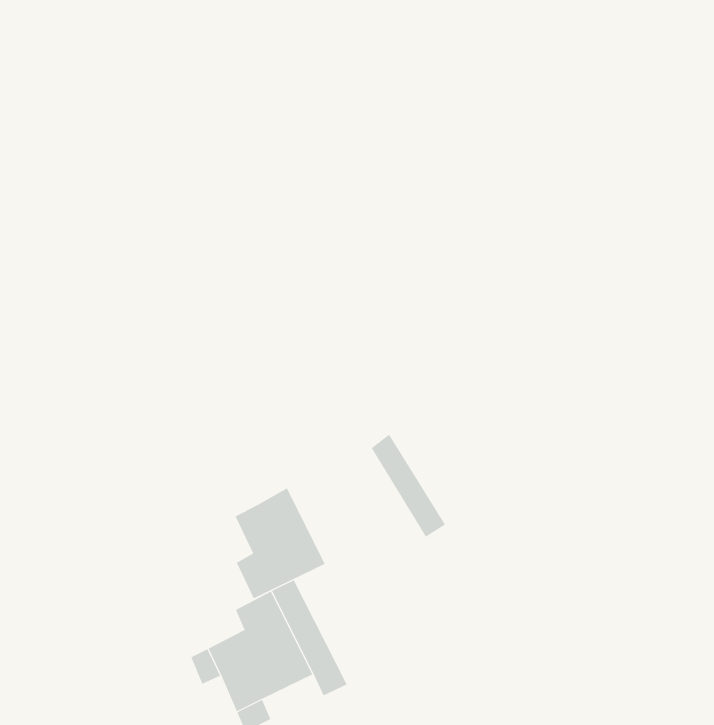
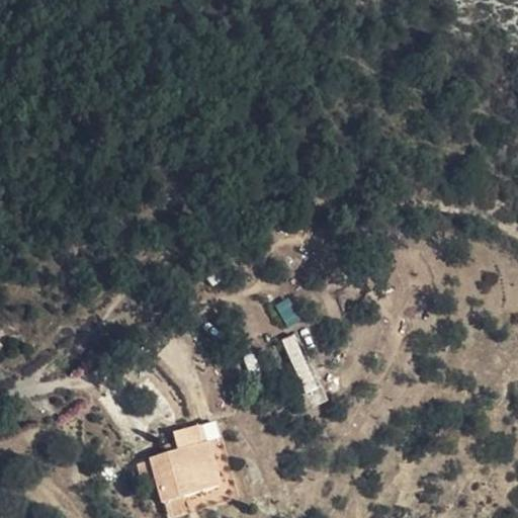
building: [235,488,326,599] -> none

